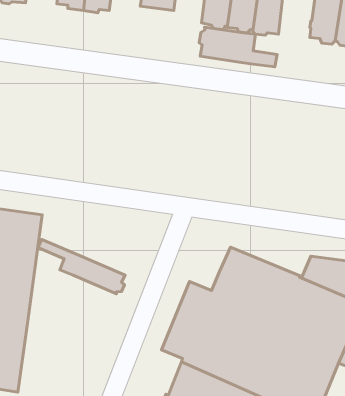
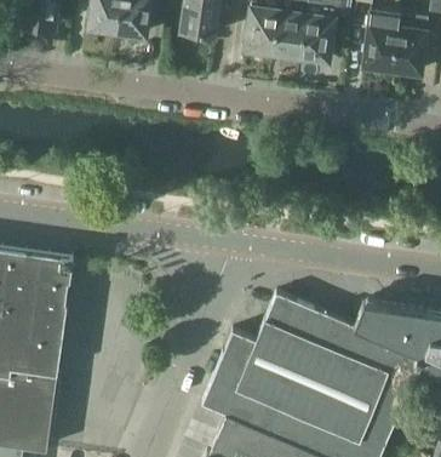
building: [199,27,277,67] -> none
building: [38,240,125,294] -> none

